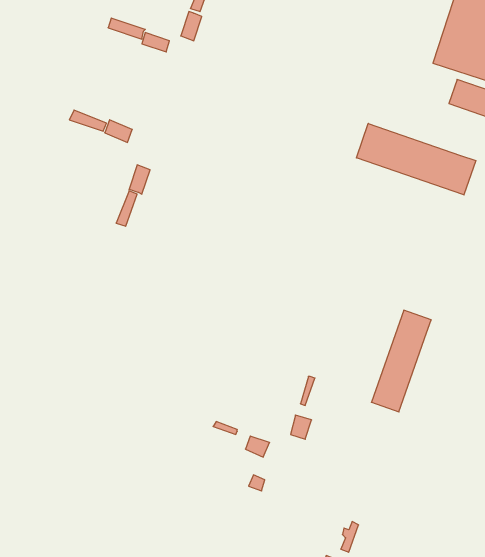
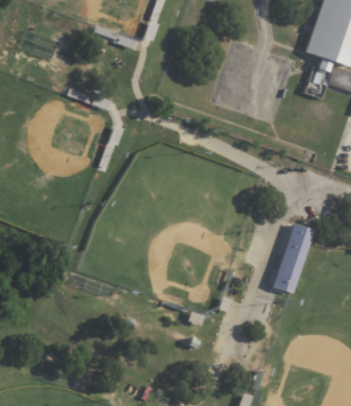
building: [356,123,476,195] -> none

